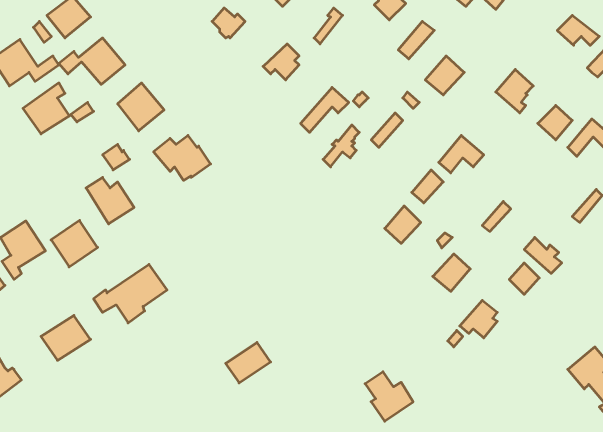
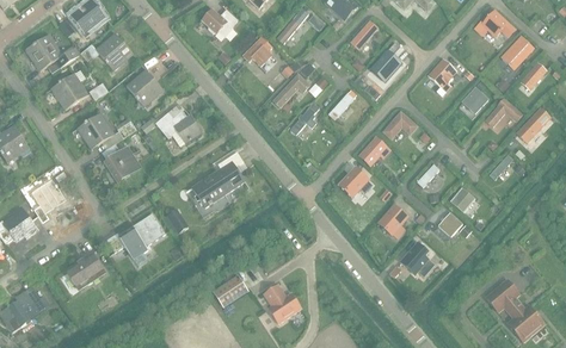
building: none -> [192,151,245,206]
building: [51,220,98,267] -> [78,112,115,149]
building: [365,372,413,421] -> [263,284,301,323]

